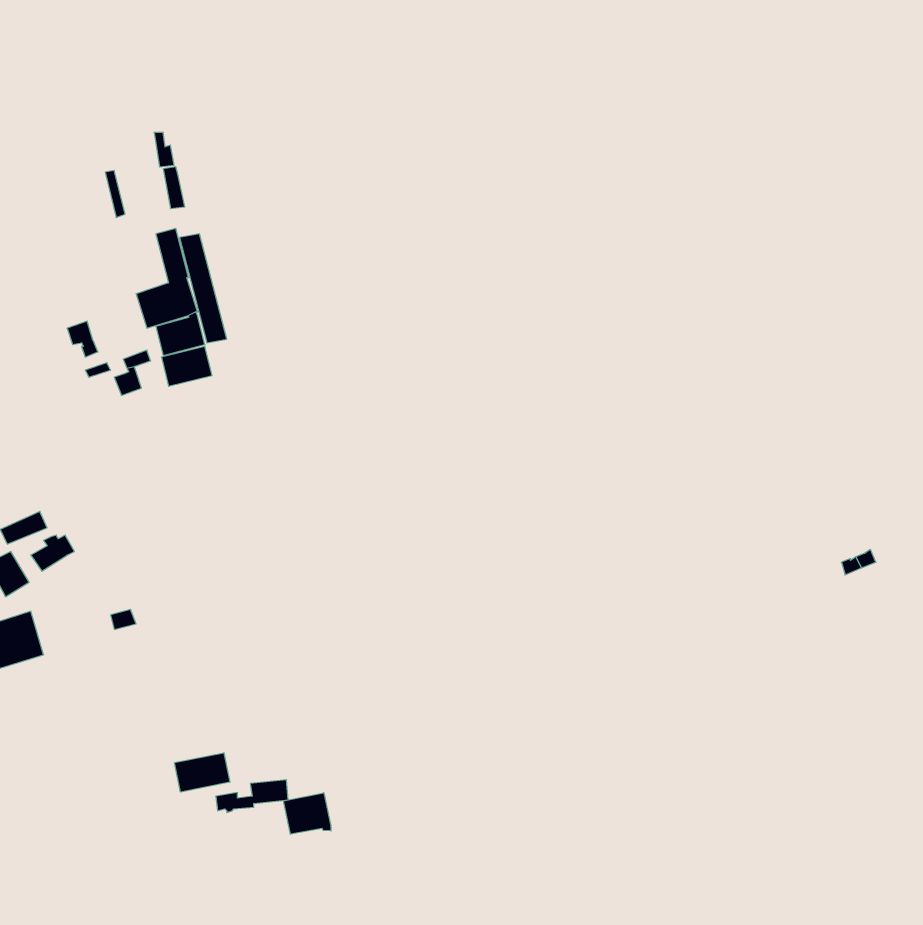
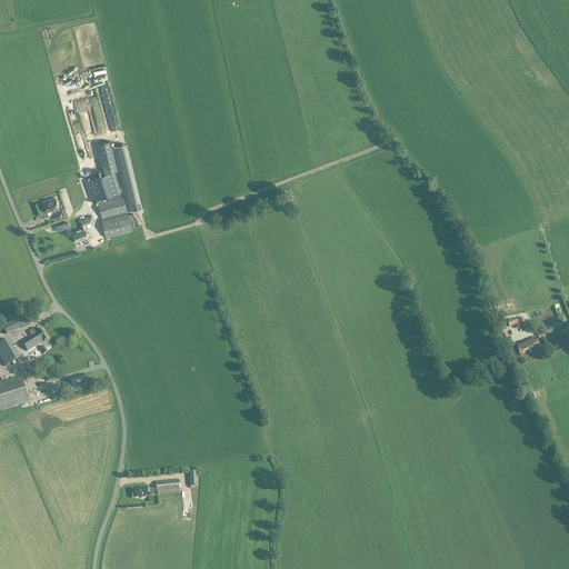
building: [175,753,230,792] -> none
building: [283,793,331,834] -> none

